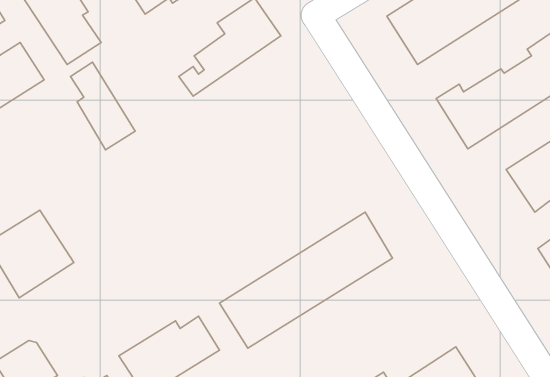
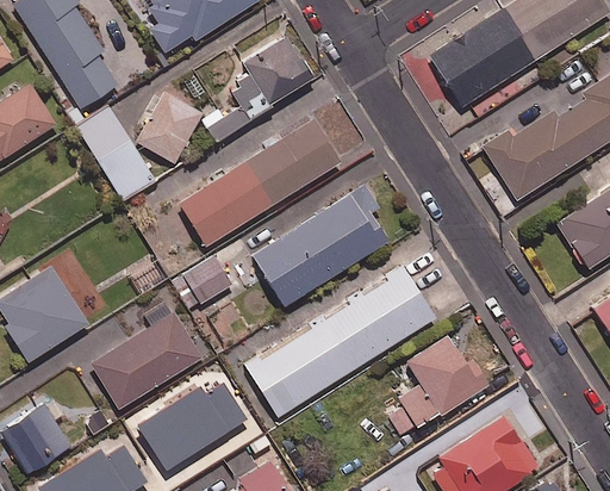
building: none -> [135,91,203,163]
building: none -> [180,119,341,246]
building: none -> [253,184,390,306]
building: none -> [172,256,232,310]
building: none -> [91,312,201,408]
building: none -> [379,335,488,440]

